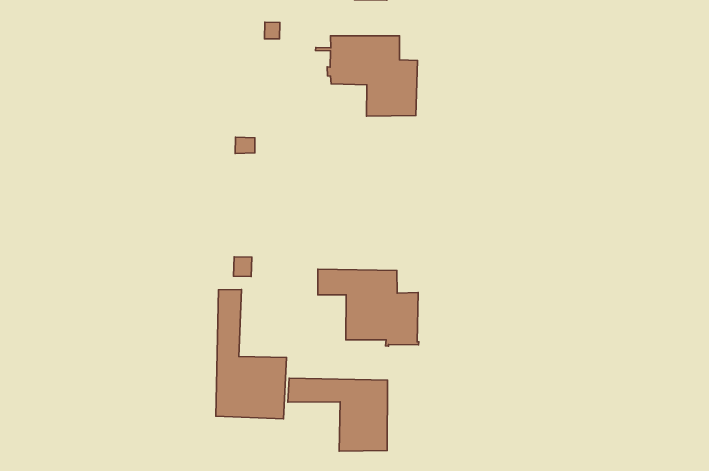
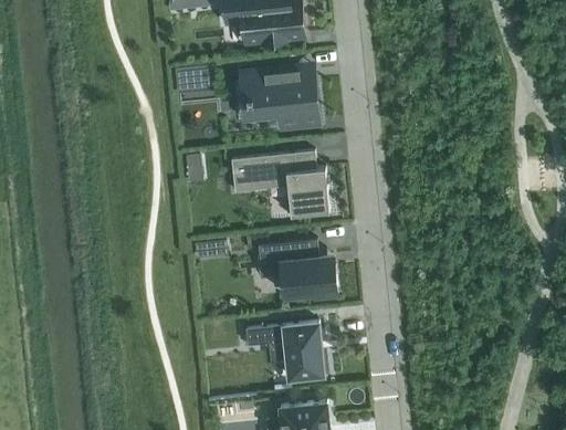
building: none -> [231,153,329,218]
building: [216,289,287,419] -> none

